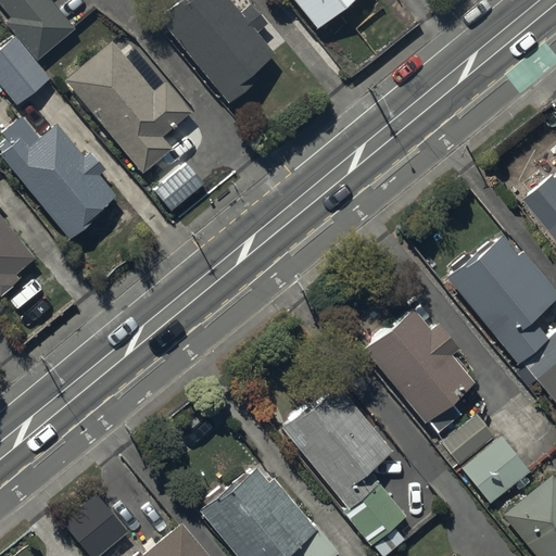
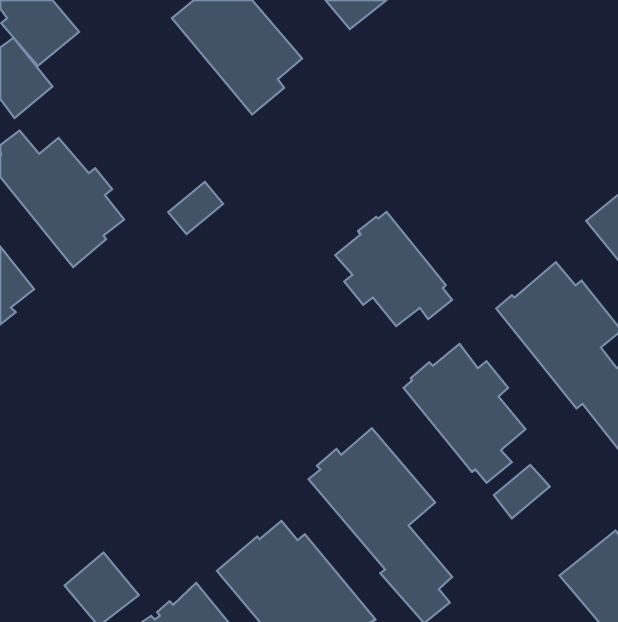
building: [64,39,191,173] -> none
building: none -> [335,212,452,326]
building: [462,433,531,504] -> none

